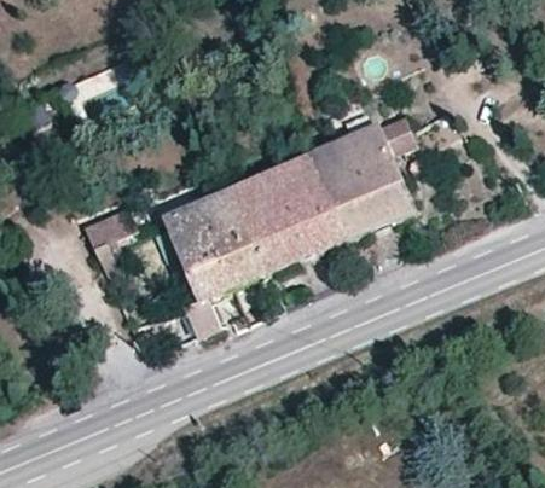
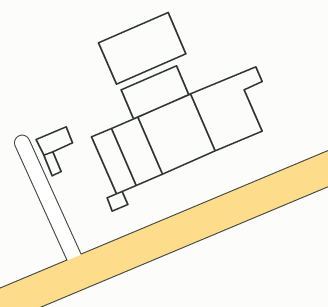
building: none -> [99,13,186,84]
building: none -> [121,66,189,119]

